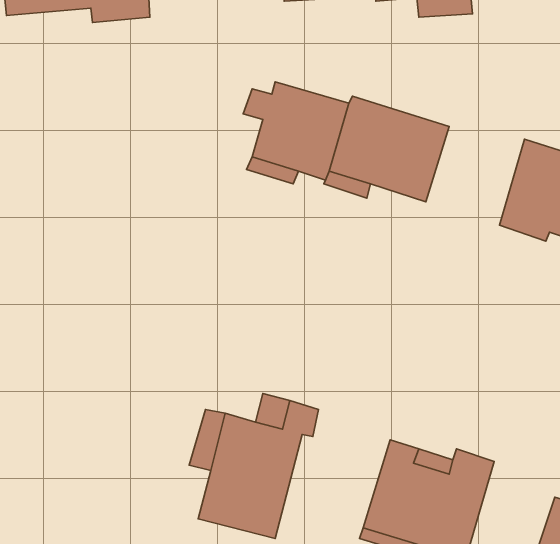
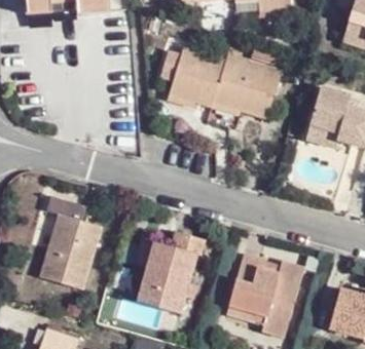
building: none -> [41,195,103,287]

